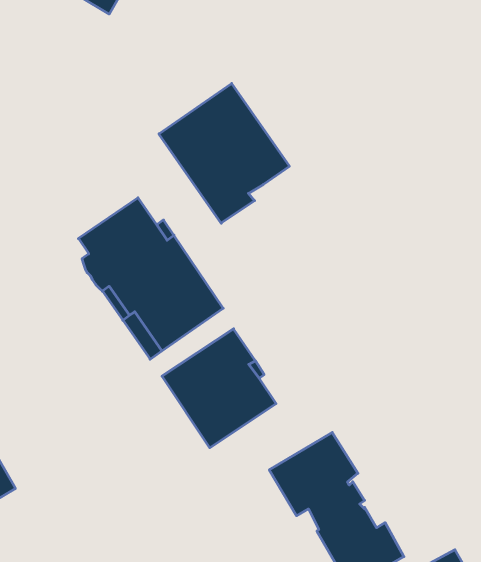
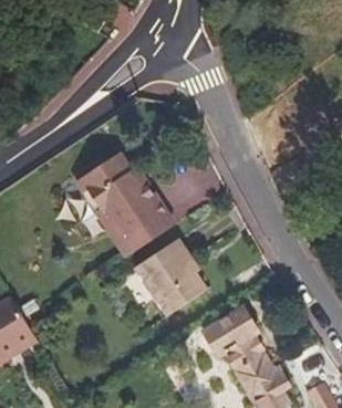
building: [159,83,289,223] -> none

